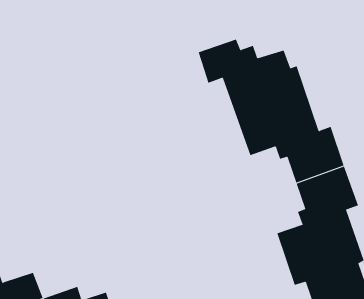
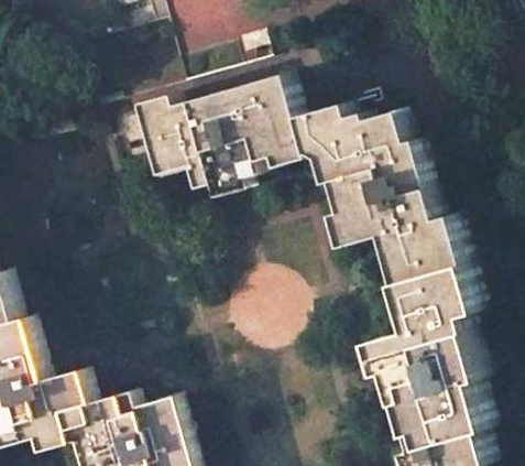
building: none -> [134,76,300,189]

